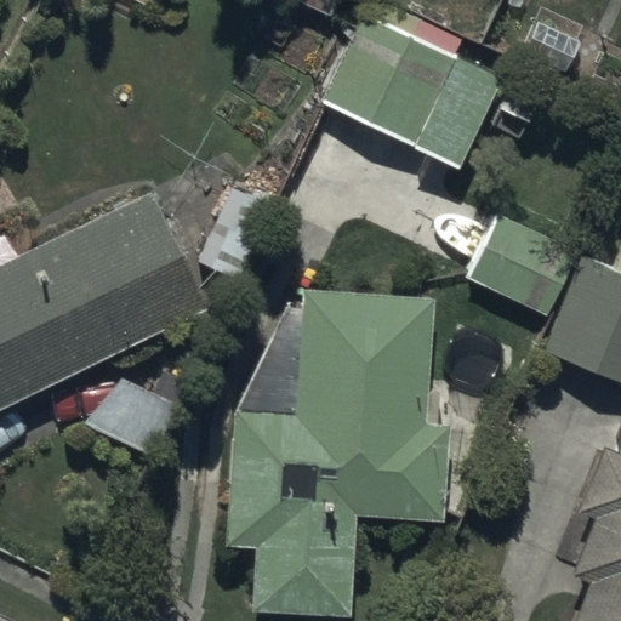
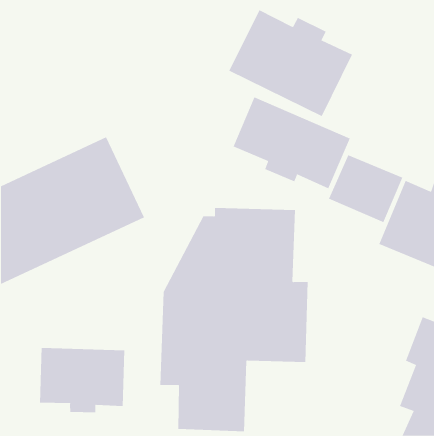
building: none -> [233,96,350,189]
building: none -> [40,347,125,413]

